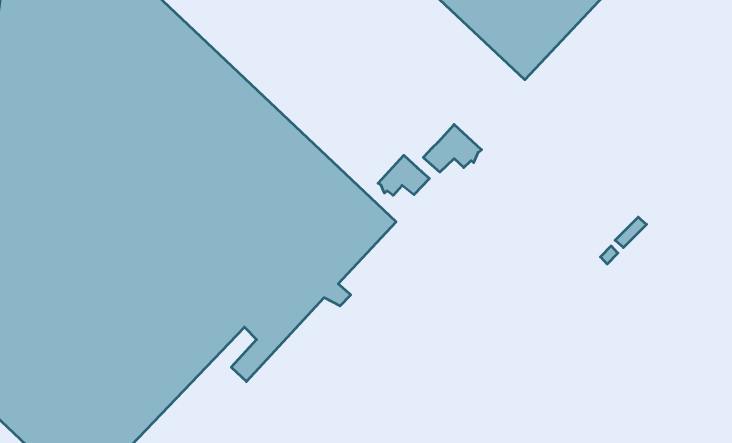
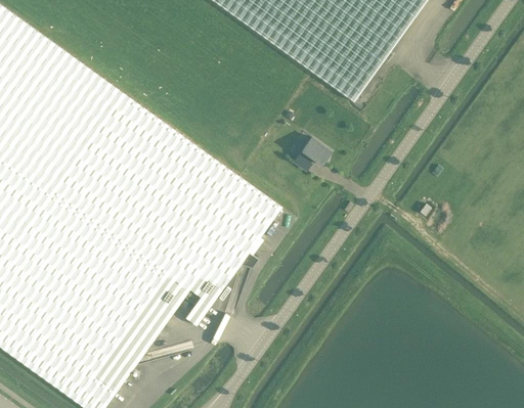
building: [378,155,429,195] -> none

